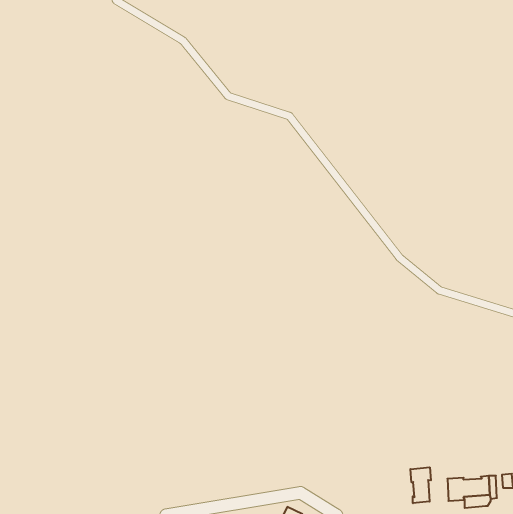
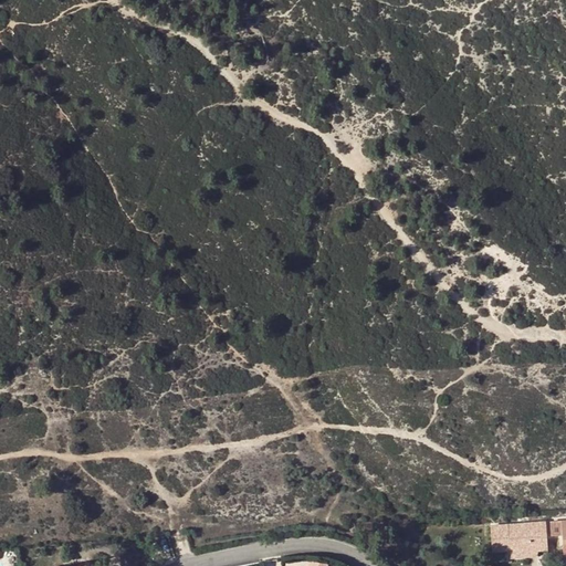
building: [410,467,431,503] -> none

